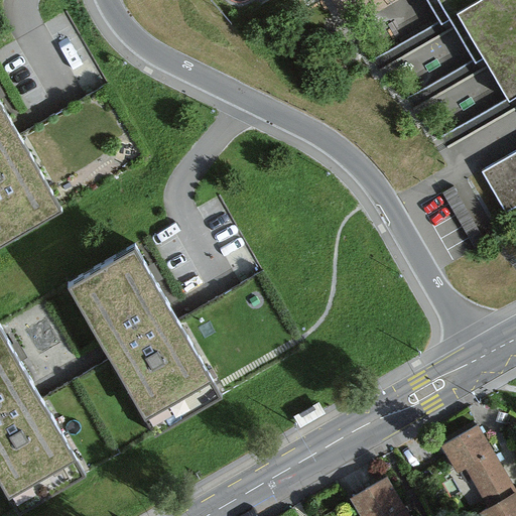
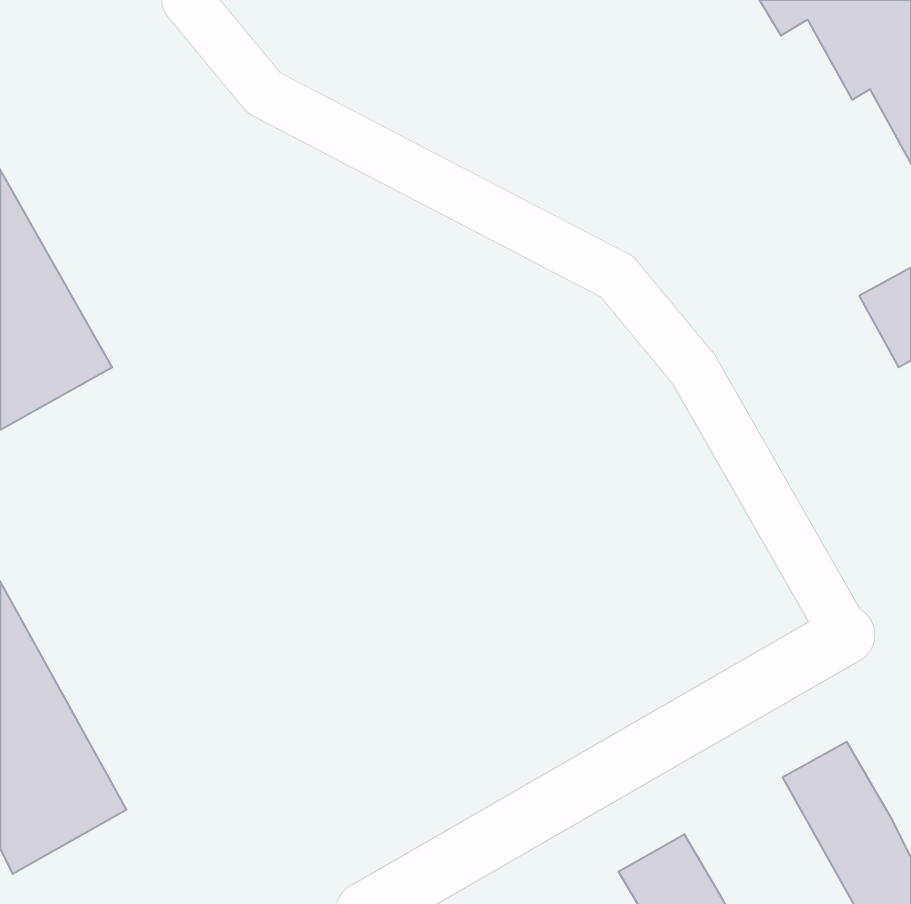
building: [73,254,209,419] -> none

